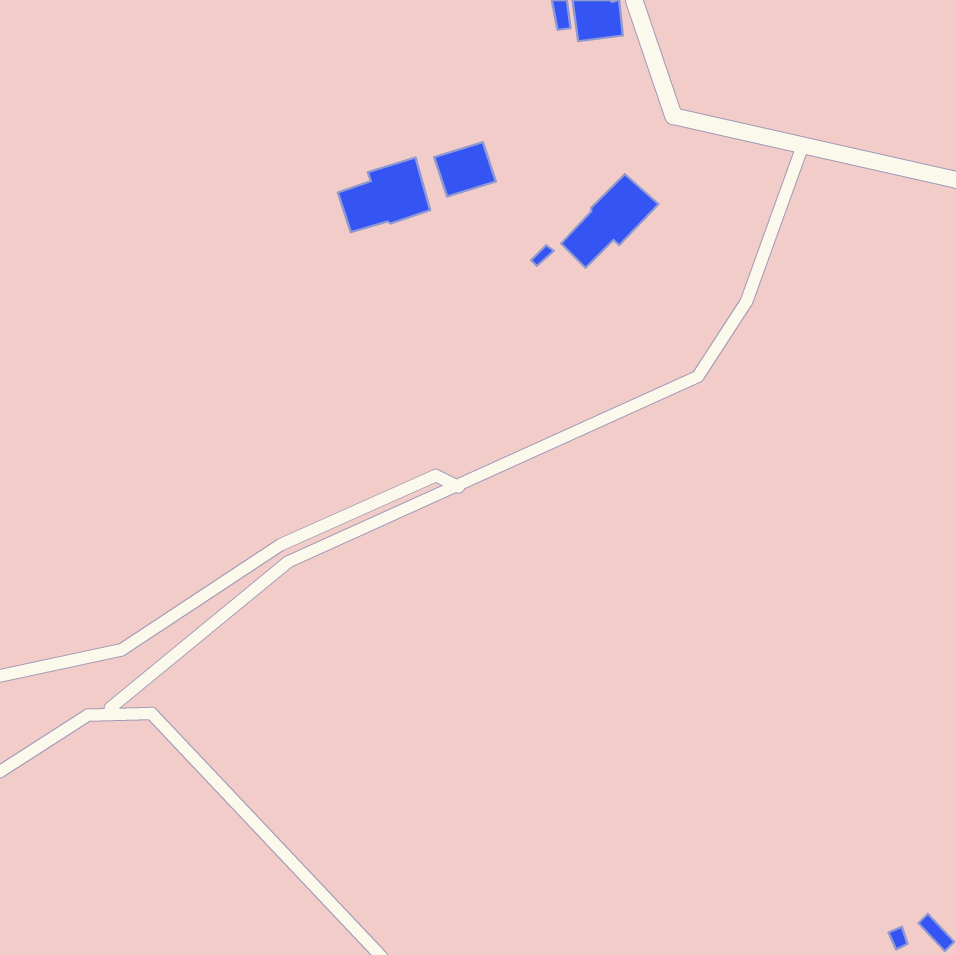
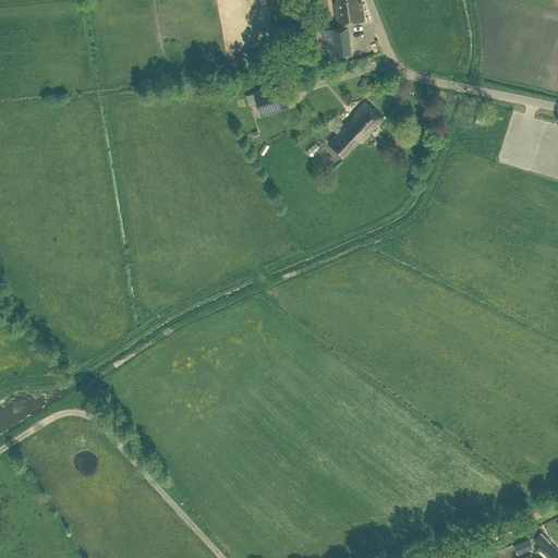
building: none -> [320,27,351,56]
building: [338,157,430,232] -> none

